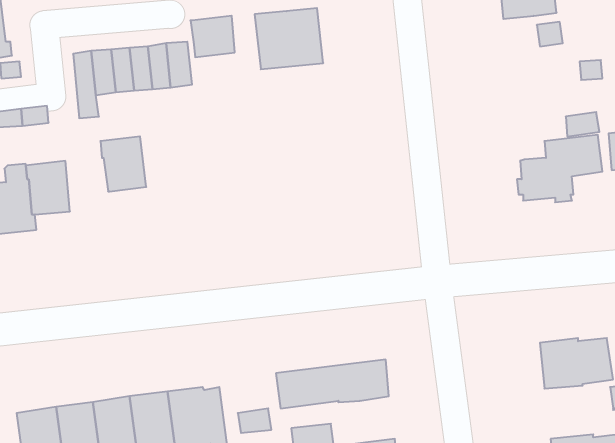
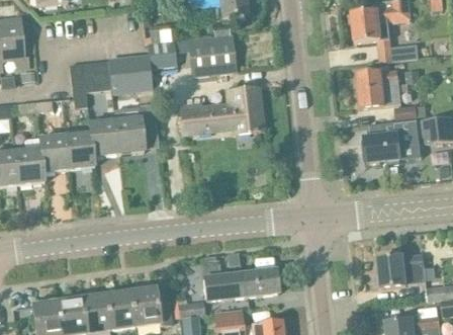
building: none -> [359,69,402,107]
building: none -> [181,87,262,133]
building: none -> [114,107,145,153]
building: none -> [65,134,95,169]

